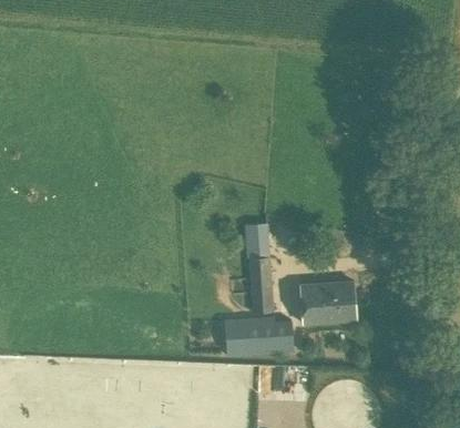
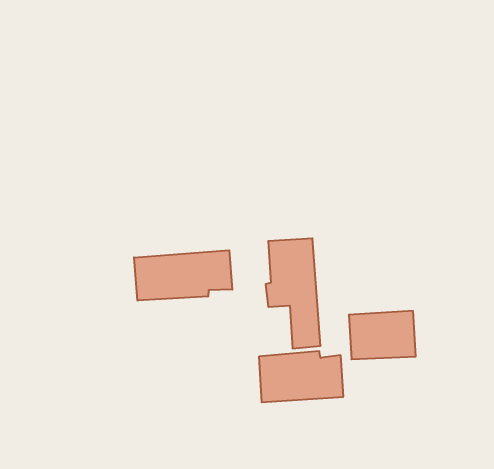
building: none -> [134,250,232,301]

